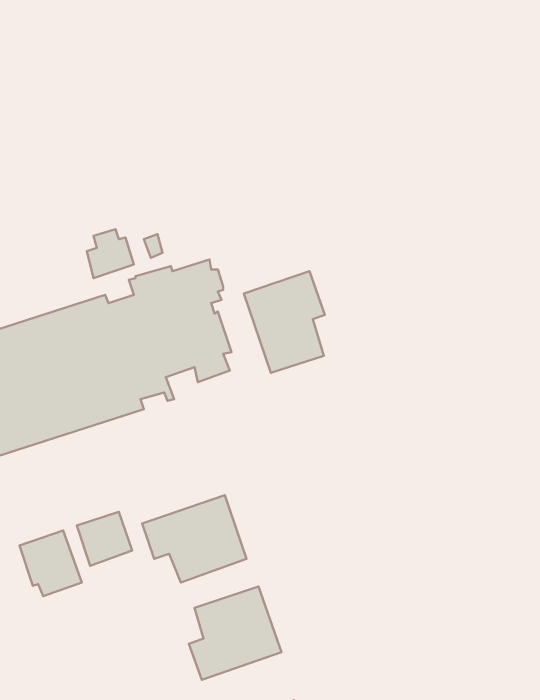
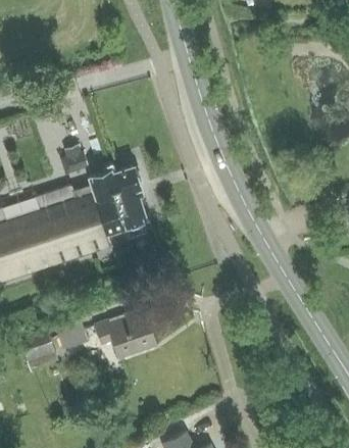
building: [244,271,325,373] -> none
building: [189,587,282,680] -> none

